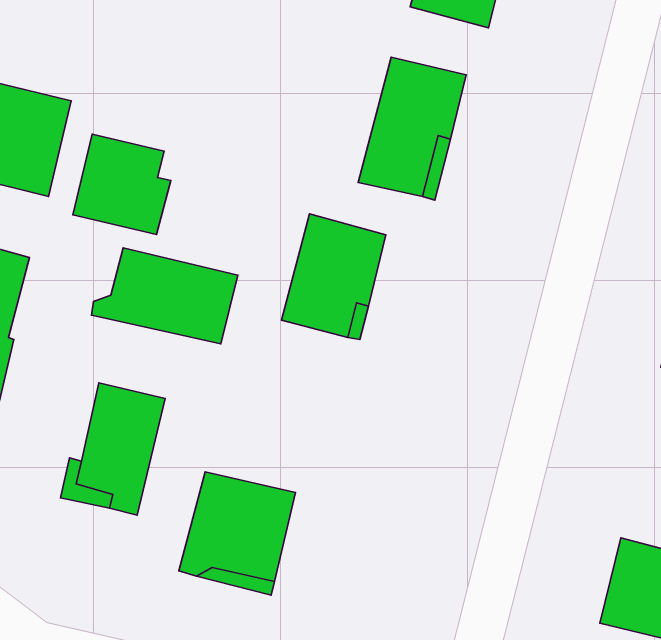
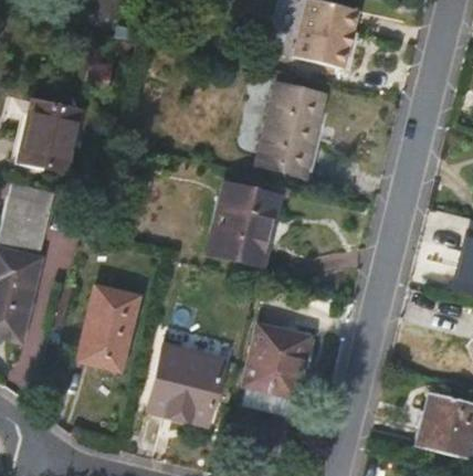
building: [73,134,171,234] -> none
building: [92,248,238,344] -> none
building: none -> [242,327,306,414]

